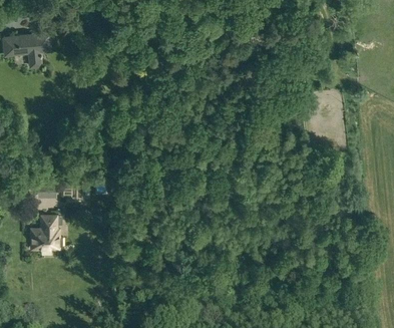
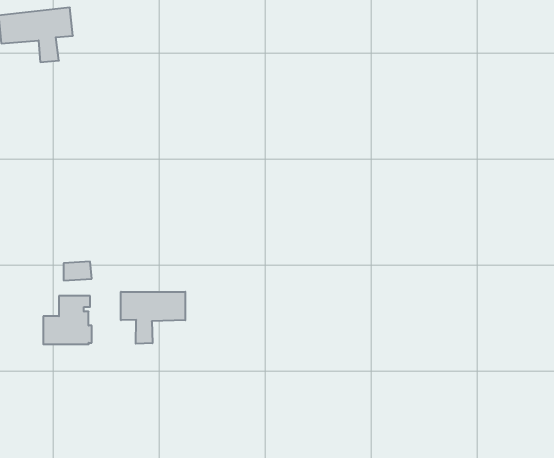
building: none -> [121,292,185,344]

